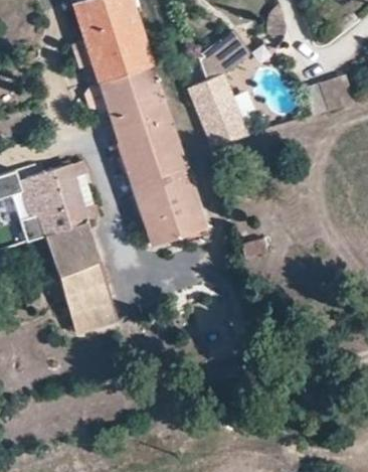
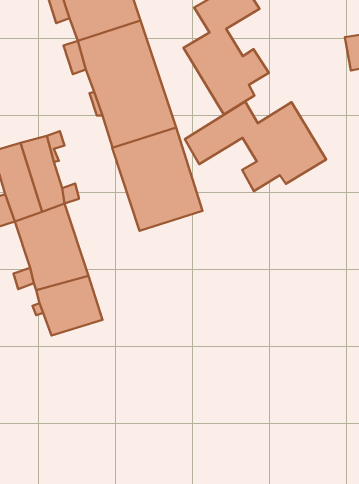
building: none -> [185,101,326,191]

